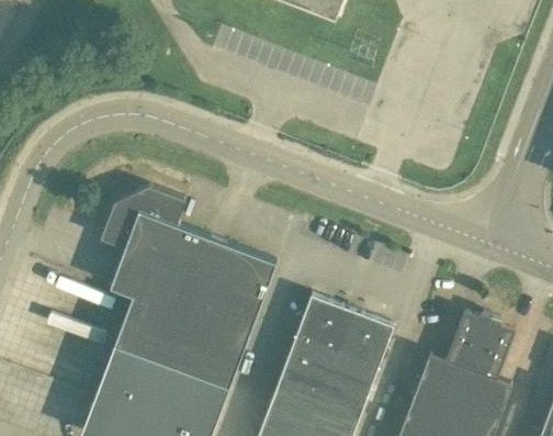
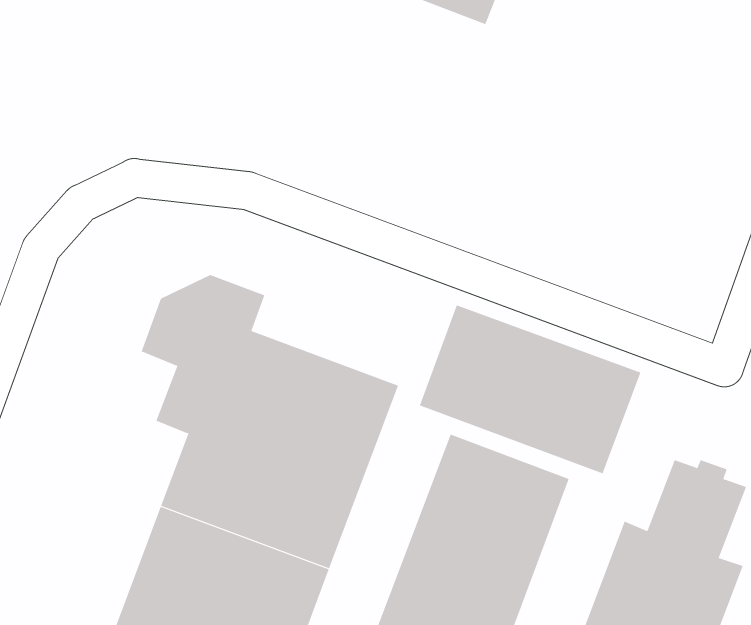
building: none -> [419,304,641,474]

